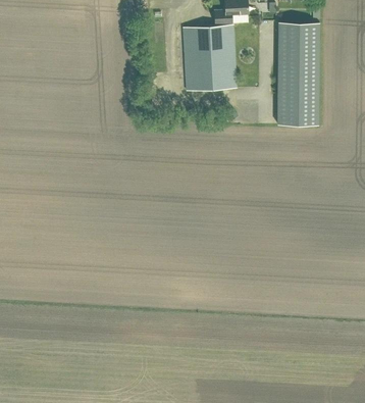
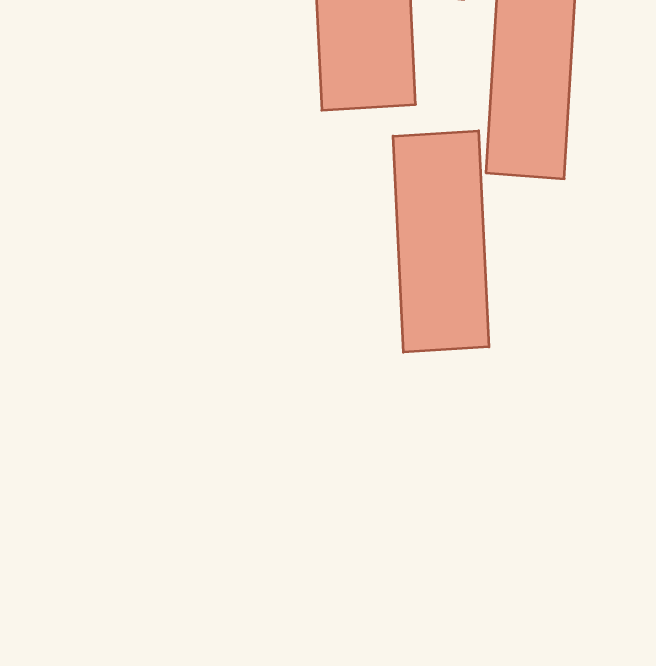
building: none -> [393,131,489,352]

